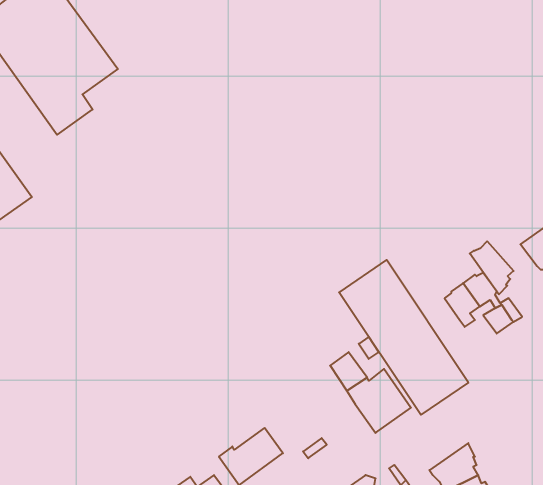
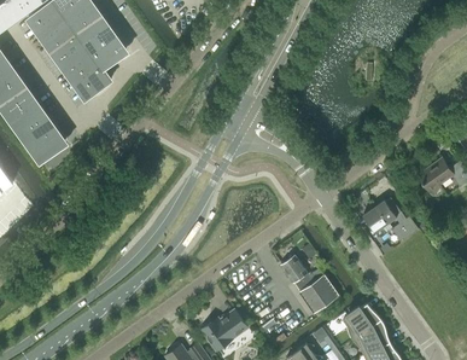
building: [470,241,514,294] -> none
building: [339,260,468,415] -> none
building: none -> [343,304,380,339]

